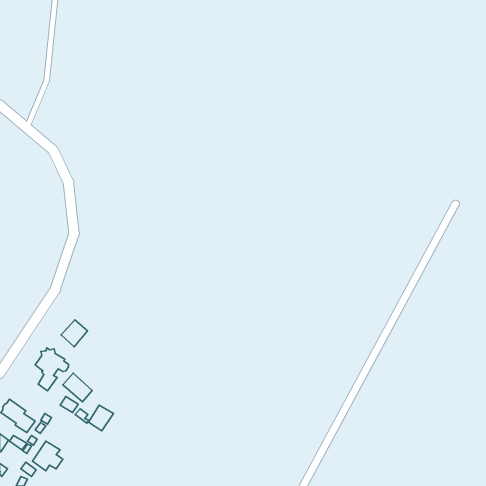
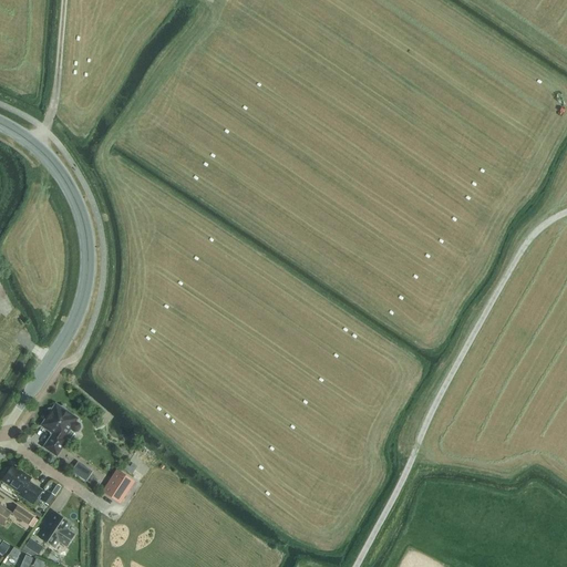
building: [61,320,88,347] -> none
building: [63,373,92,402] -> none

